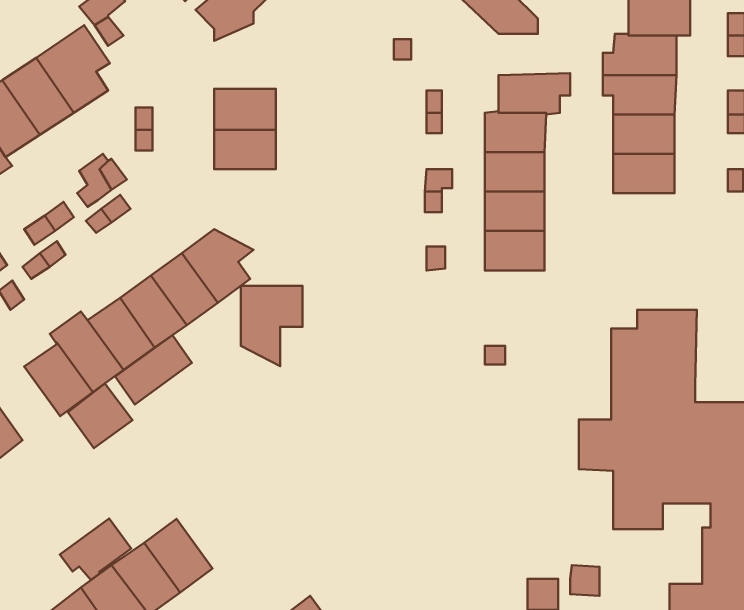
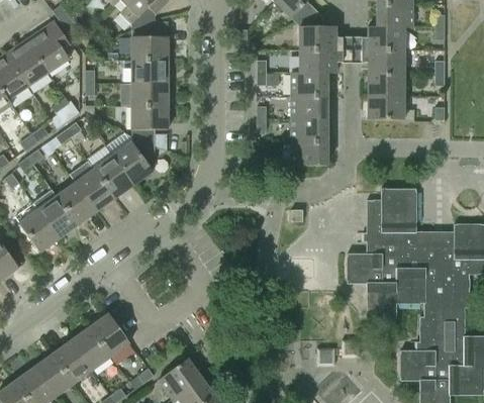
building: none -> [131,20,168,59]
building: none -> [299,26,342,51]
building: [241,286,303,366] -> [131,106,168,154]
building: [115,335,192,404] -> none
building: [68,383,132,448] -> none
building: [60,518,131,580] -> none

